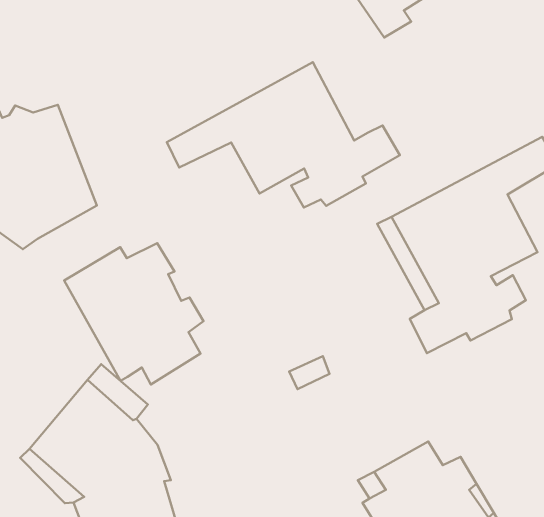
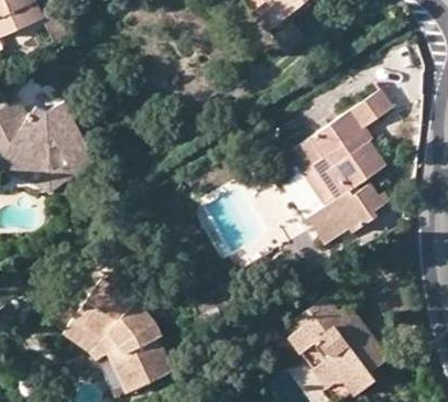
building: [167,62,400,207] -> none
building: [64,243,204,384] -> none

